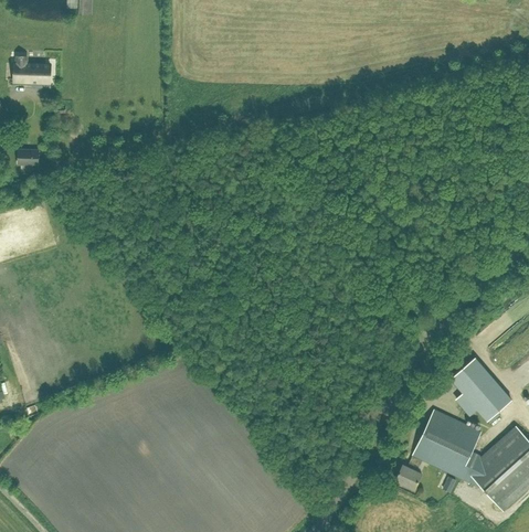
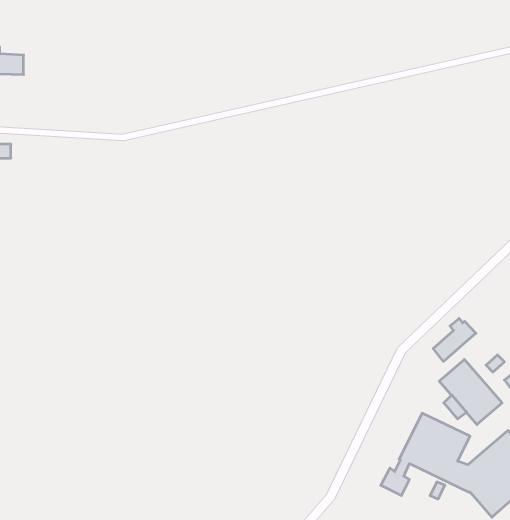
building: none -> [433,318,476,361]

